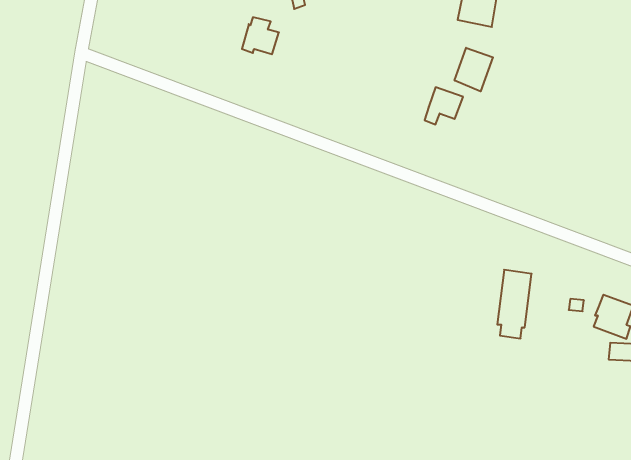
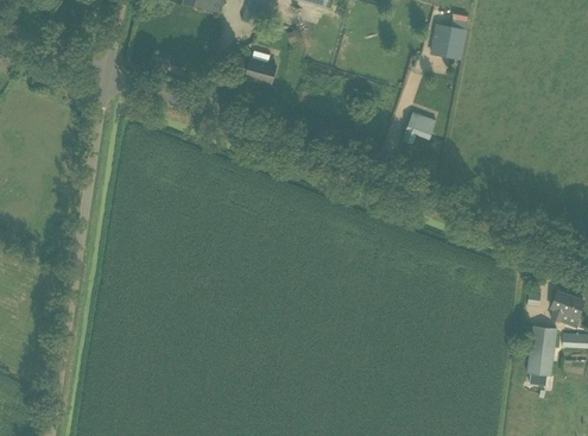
building: [455,48,493,91] -> none
building: [497,270,532,338] -> [526,324,556,384]

